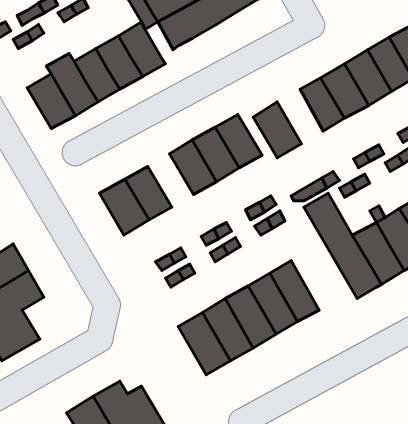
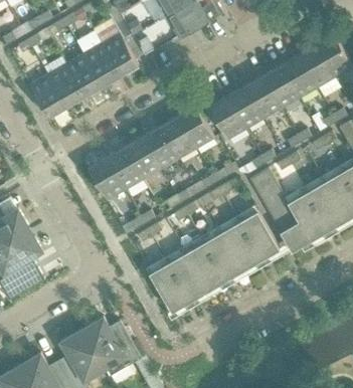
building: none -> [227,85,263,129]
building: none -> [125,137,161,179]
building: none -> [238,210,280,260]

